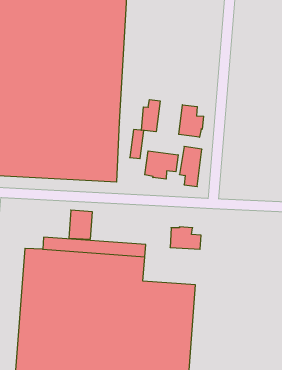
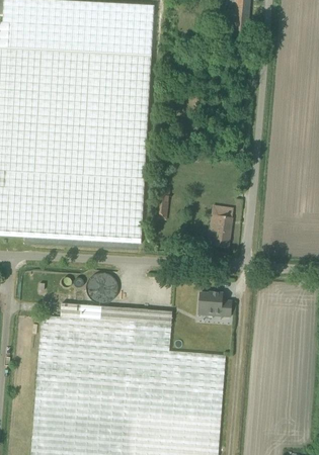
building: [141,100,160,132] -> none
building: [179,105,204,137] -> none
building: [145,151,178,179] -> none

